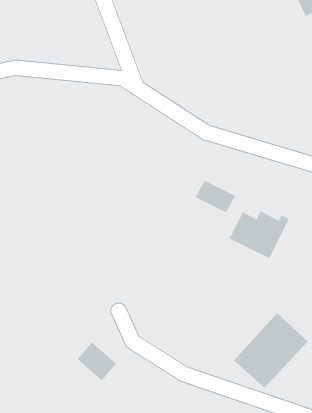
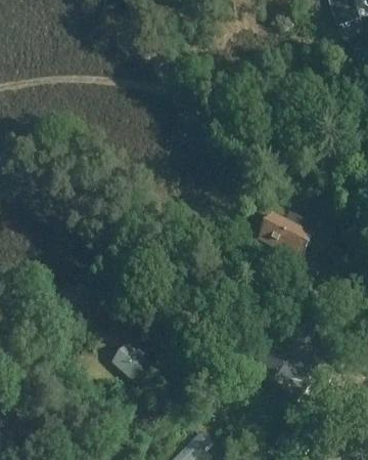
building: [195,180,236,213] -> none

